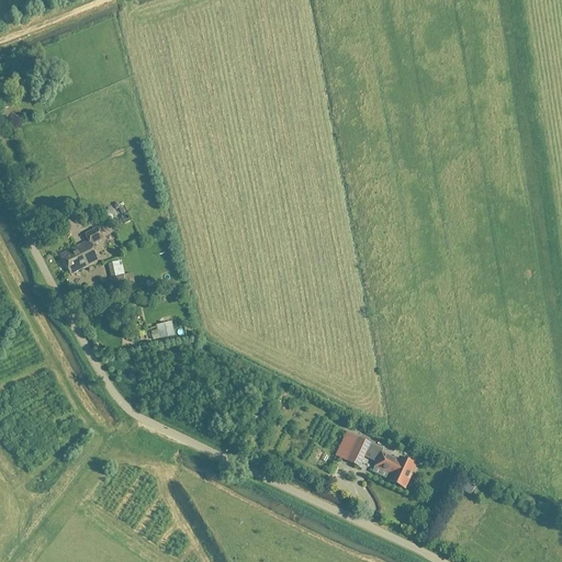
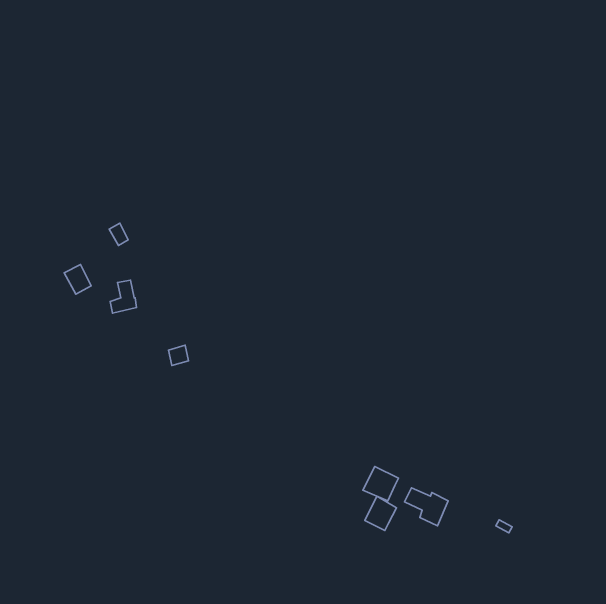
building: [75,225,103,265] -> none
building: none -> [365,496,397,530]

